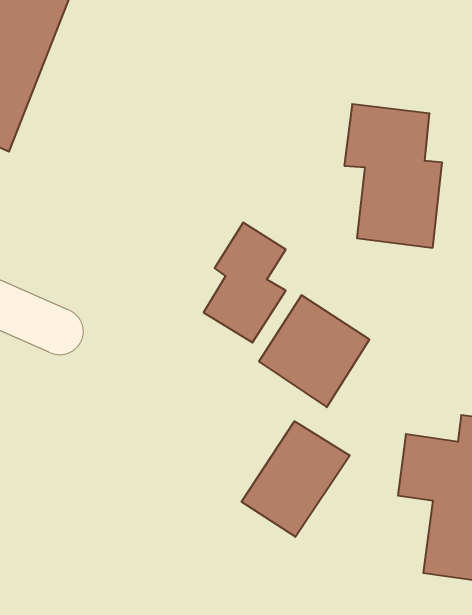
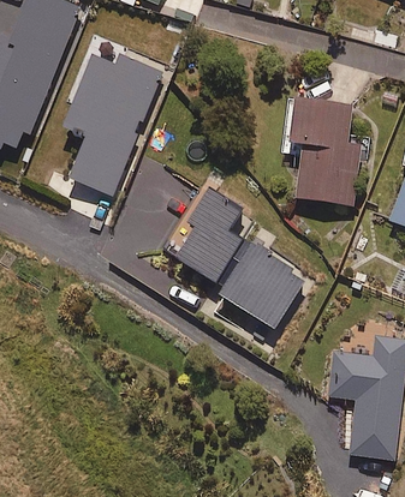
building: none -> [59,54,161,196]
building: [242,421,350,537] -> none

